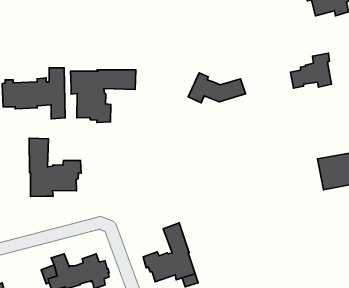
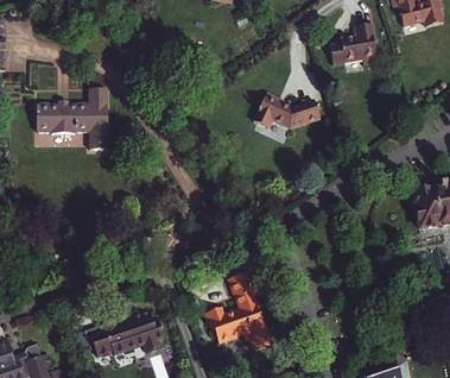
building: [291,53,332,88] -> [331,23,380,64]
building: [71,70,136,123] -> none
building: [29,138,81,197] -> none

